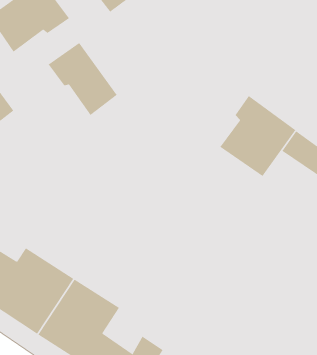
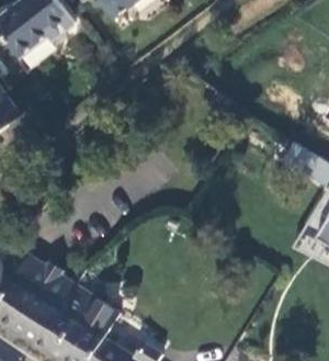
building: [48,42,118,116] -> none
building: [219,95,296,177] -> none

